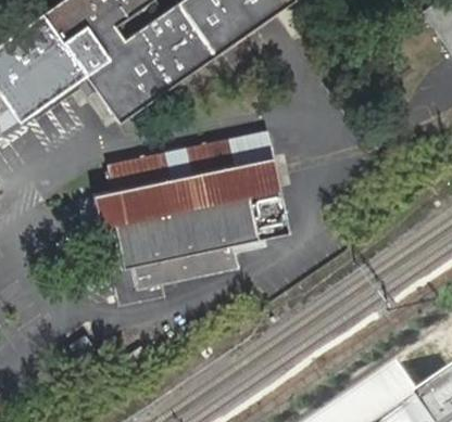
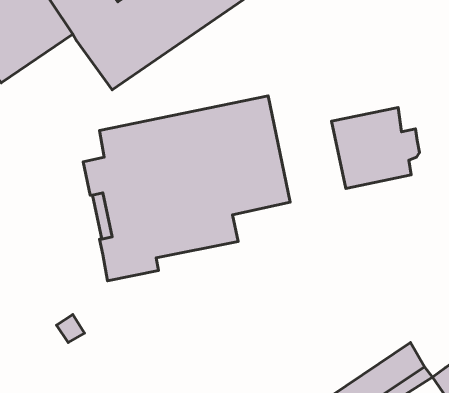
building: none -> [331,108,419,188]

